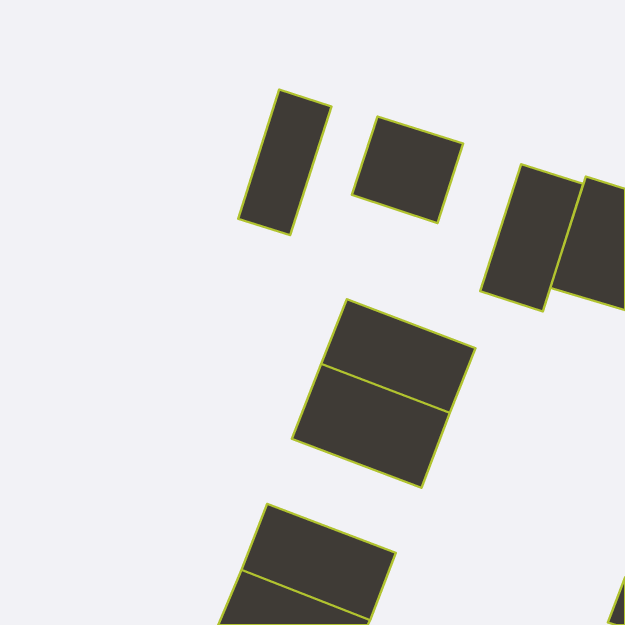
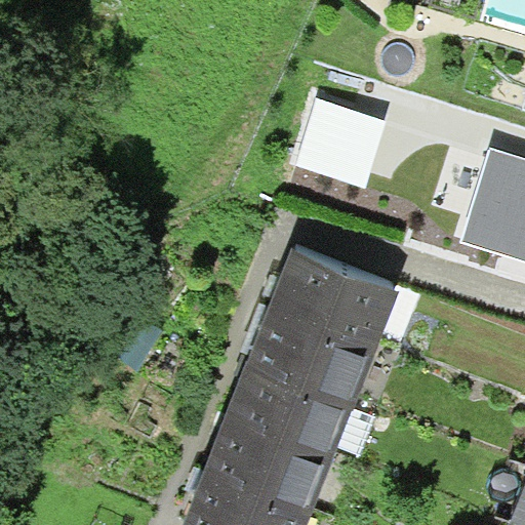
building: [238,90,332,235] -> none
building: [480,164,583,312] -> none
building: none -> [224,367,353,462]

